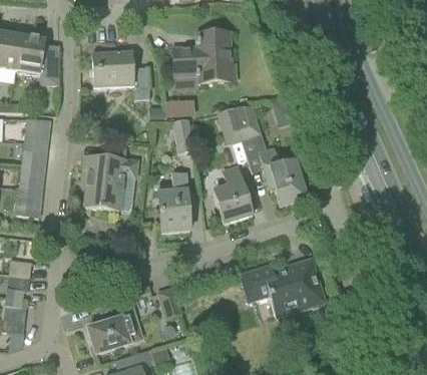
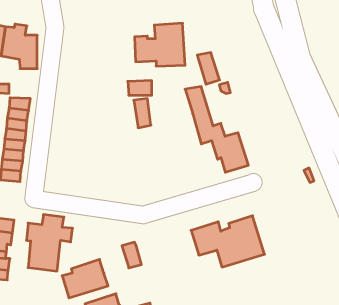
building: [92,52,150,99] -> none
building: [217,108,243,145] -> [197,53,220,84]
building: [83,144,137,211] -> [26,215,73,271]
building: [213,164,253,223] -> none
building: [158,172,189,232] -> none

